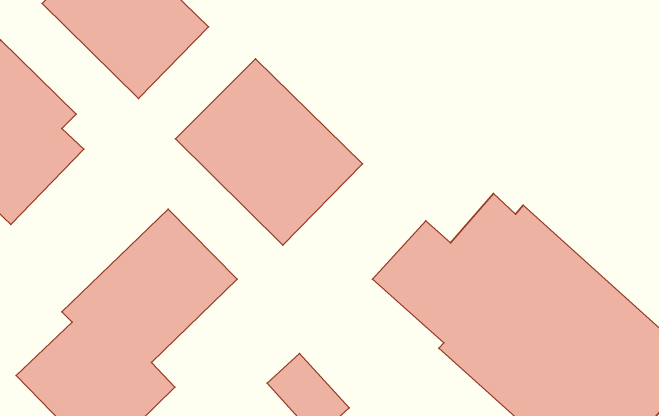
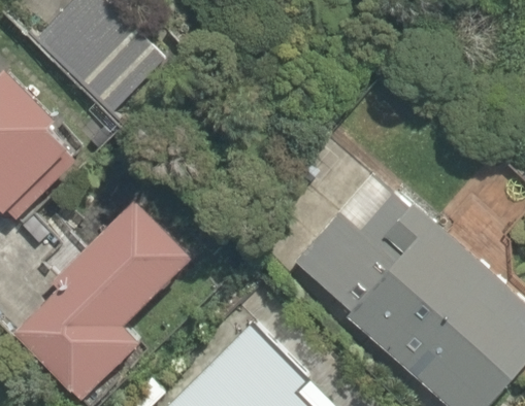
building: [176,59,363,245] -> none

